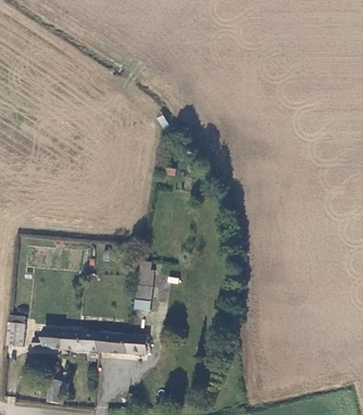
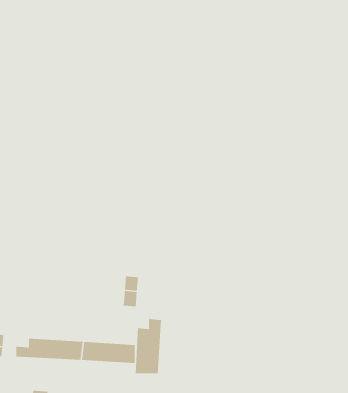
building: none -> [135,318,162,374]

